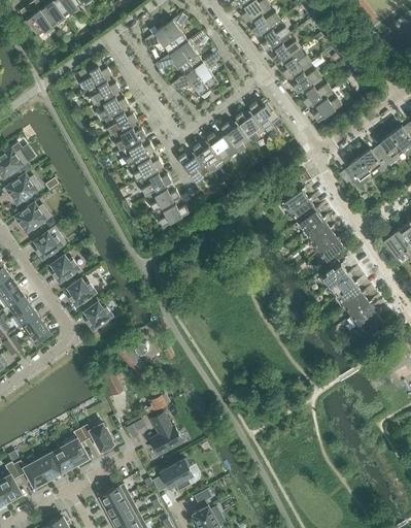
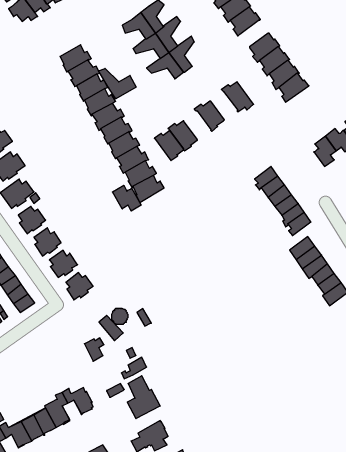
building: [269,34,301,66] -> none
building: none -> [99,68,136,99]
building: [235,110,267,142] -> none
building: [207,131,238,163] -> none
building: none -> [112,185,141,211]

